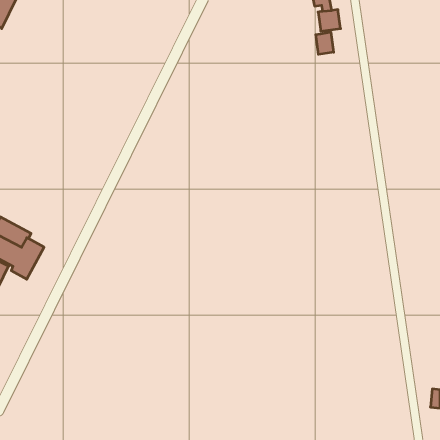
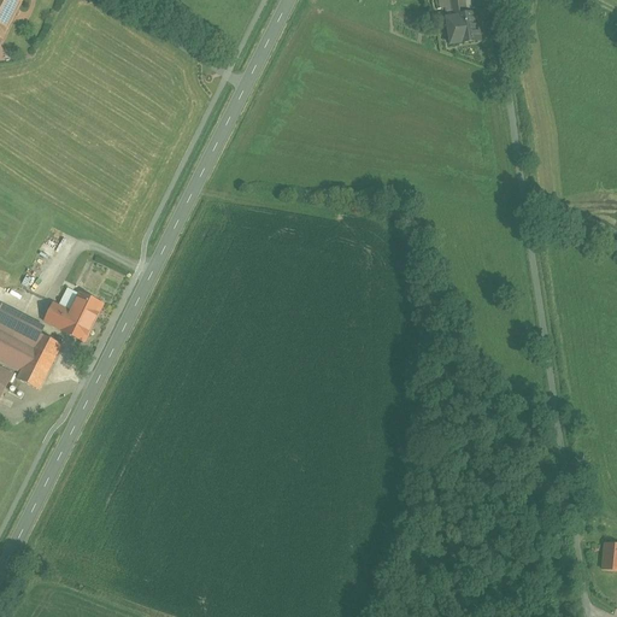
building: [316,32,334,54] -> none
building: none -> [42,290,102,341]

